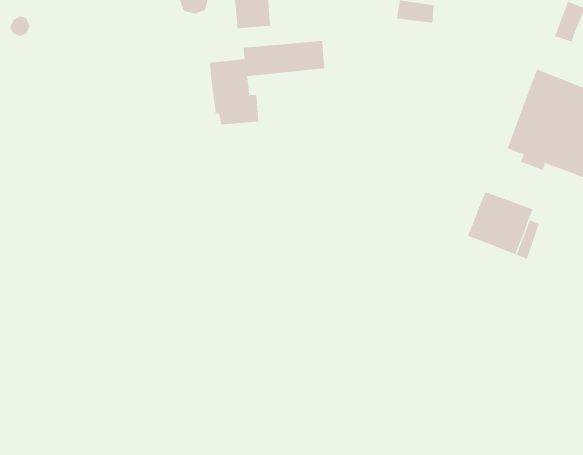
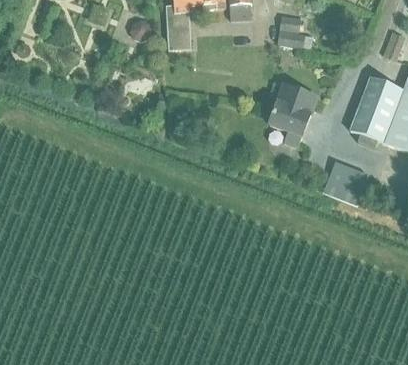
building: [210,40,325,125] -> none
building: none -> [268,82,317,146]

